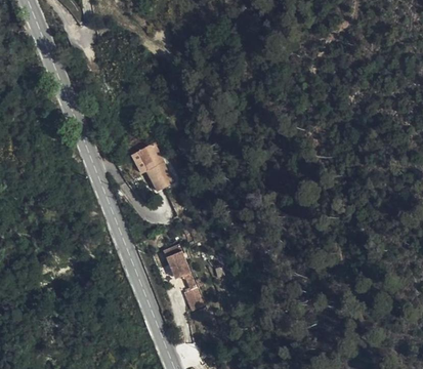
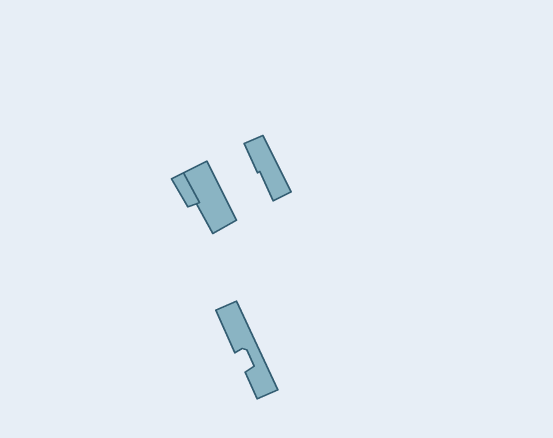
building: none -> [244,135,291,201]

